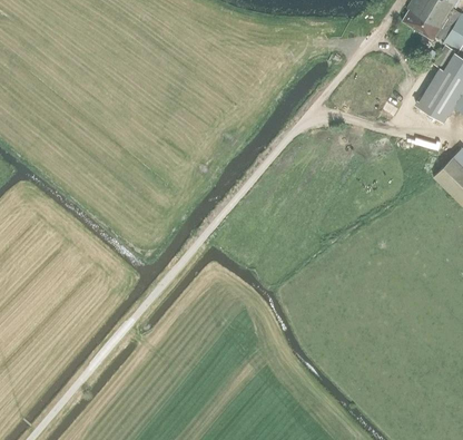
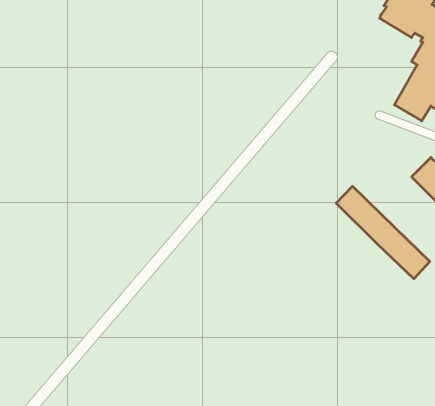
building: none -> [336,186,430,279]

